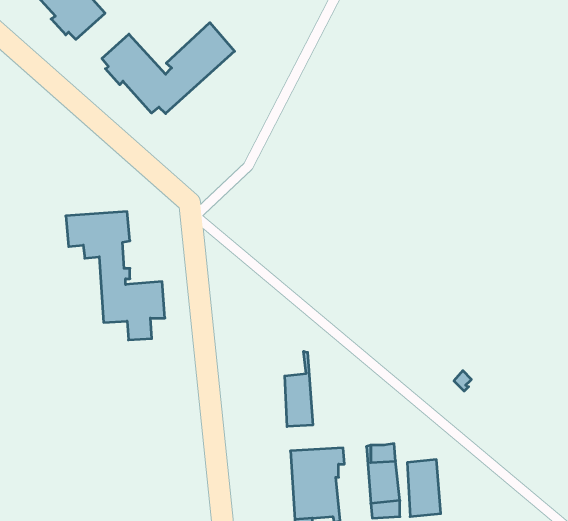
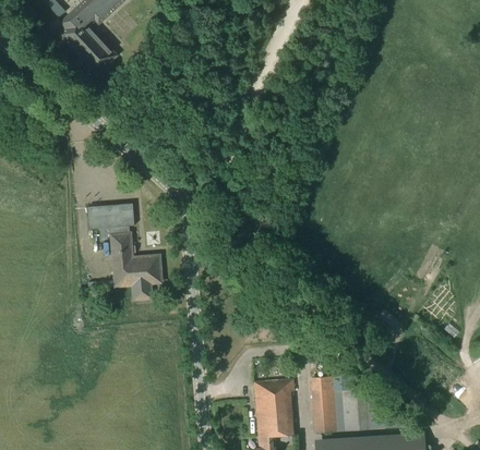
building: [102,23,235,114] -> none
building: [285,351,313,427] -> none

